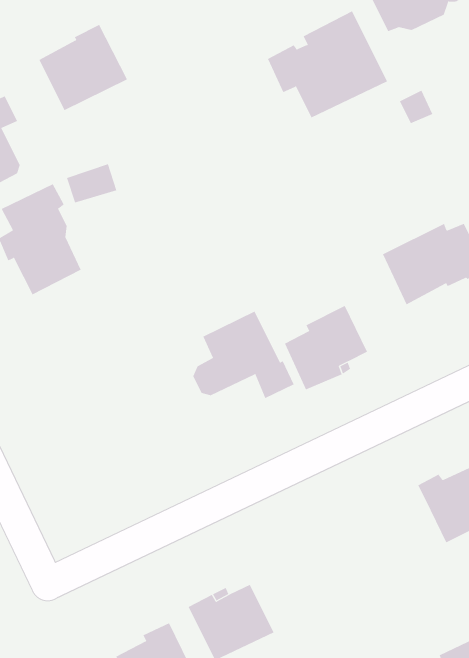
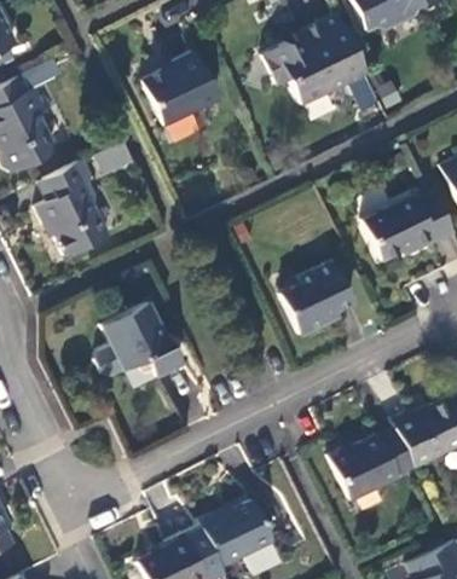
building: [39,24,128,111] -> [144,50,220,123]
building: [192,311,295,399] -> [94,301,181,376]
building: none -> [332,428,418,499]

